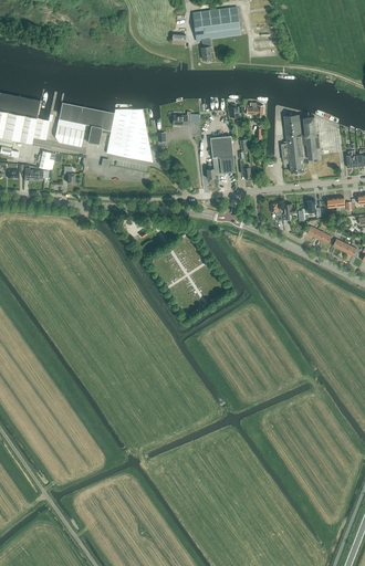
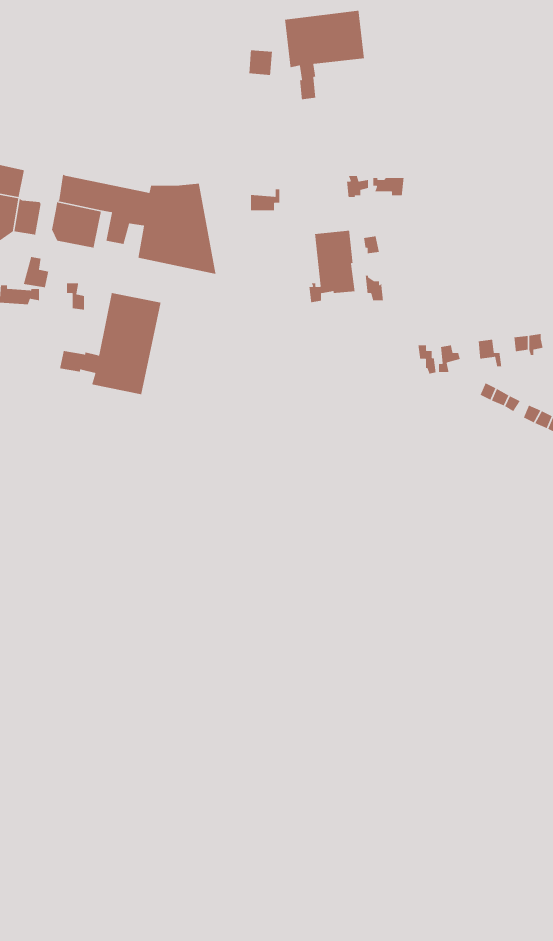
building: [282,114,321,172] -> none
building: none -> [59,292,162,395]

